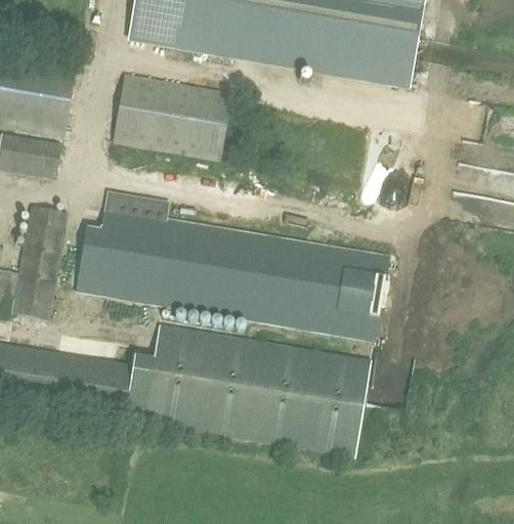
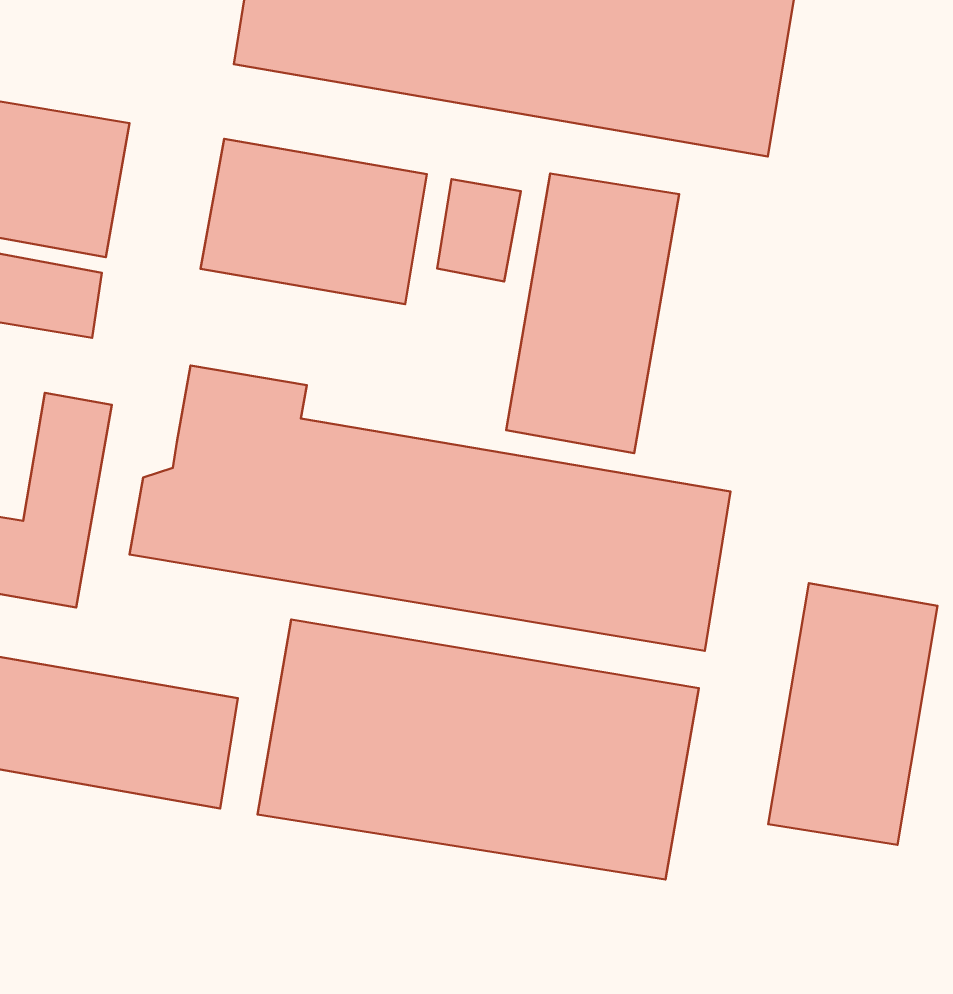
building: none -> [506,173,679,453]
building: none -> [437,179,521,281]
building: none -> [768,583,938,845]

